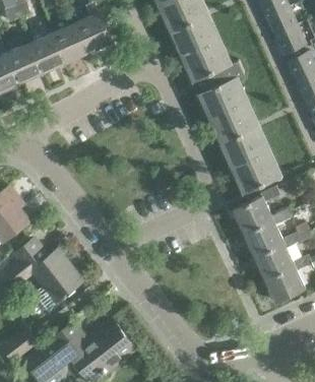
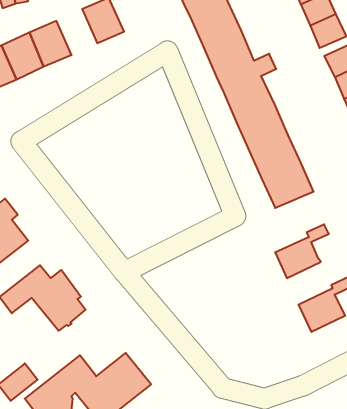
building: [54,21,89,61] -> none
building: [233,186,280,233] -> none
building: [254,231,301,278] -> none

